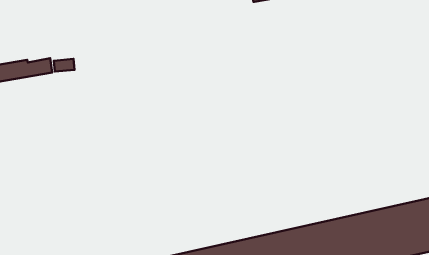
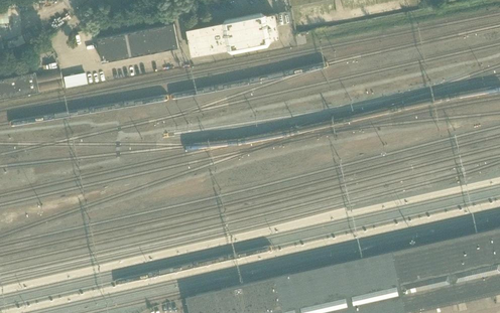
building: none -> [188,12,278,55]
building: none -> [96,23,177,62]

